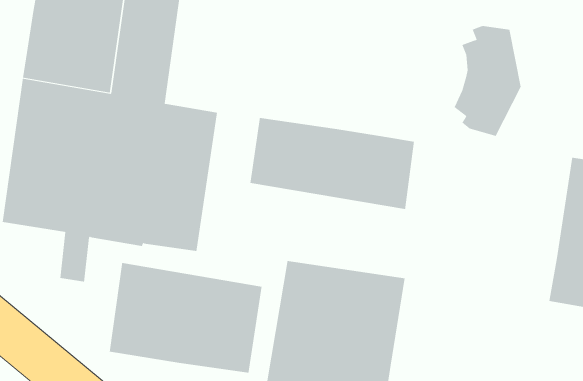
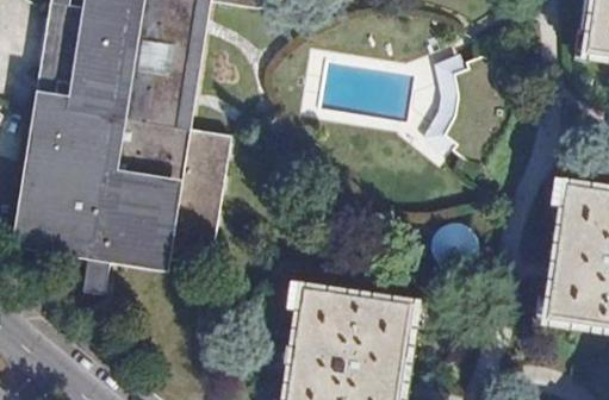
building: [250,117,415,210] -> none
building: [109,262,262,373] -> none

